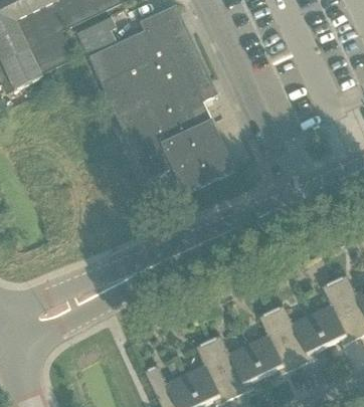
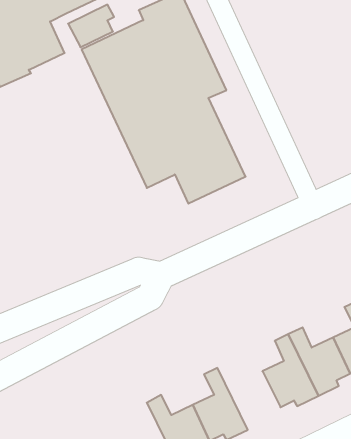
building: [209,335,265,396] -> none

